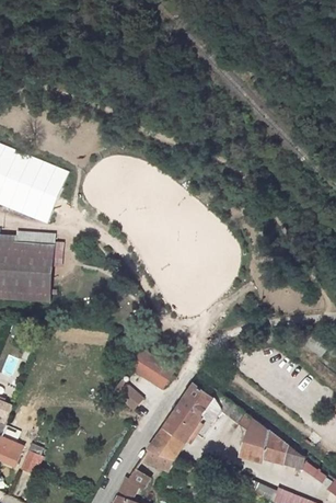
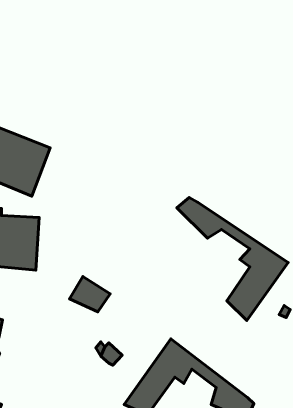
building: none -> [177,198,288,321]
building: [131,351,175,389] -> [70,276,110,312]

